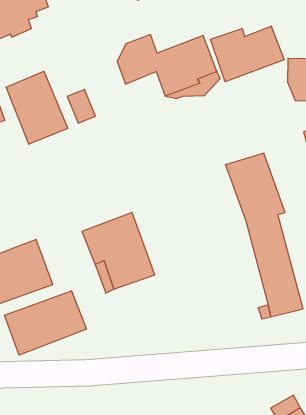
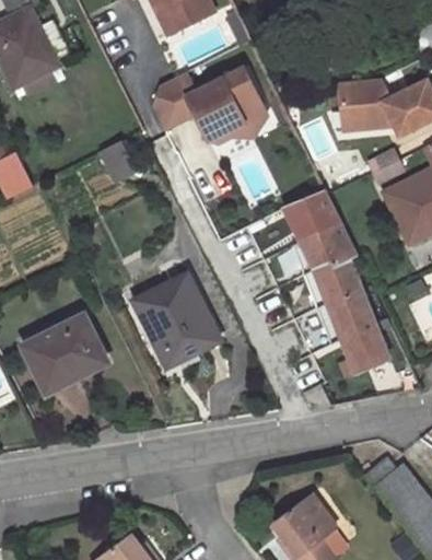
building: [210,26,284,82] -> none
building: [6,71,68,144] -> none
building: [4,291,86,355] -> none

